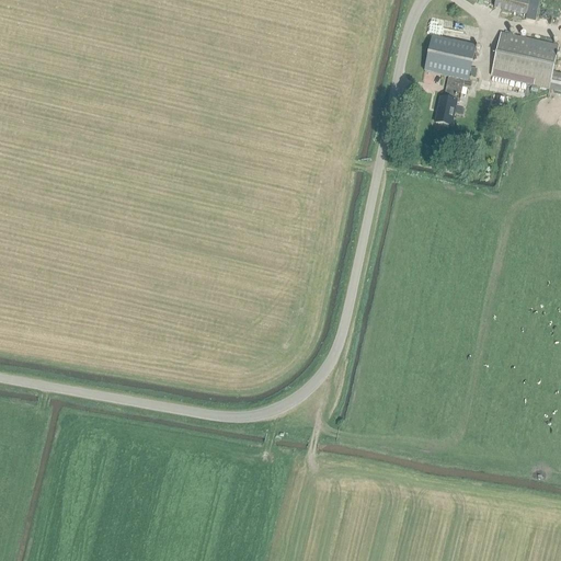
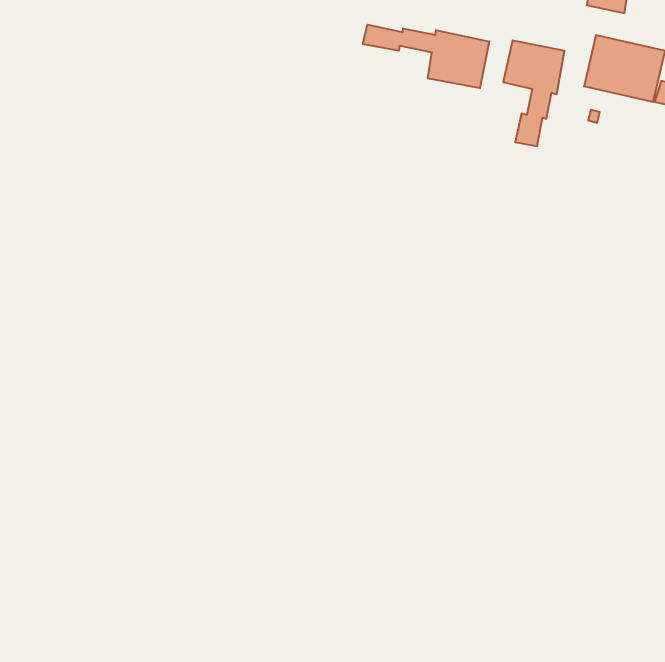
building: none -> [363,25,489,88]

